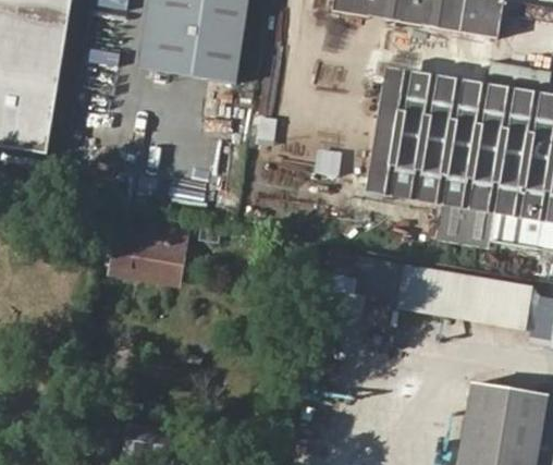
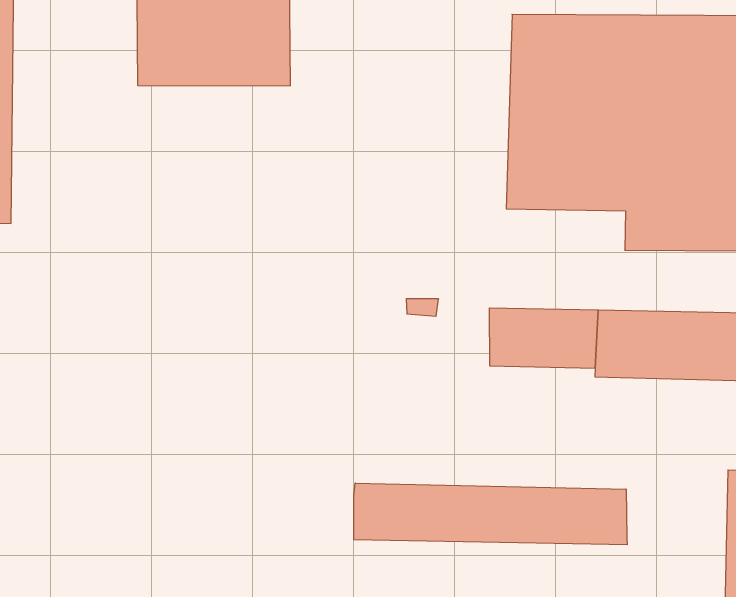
building: [111,220,185,282] -> none
building: none -> [354,483,627,545]

